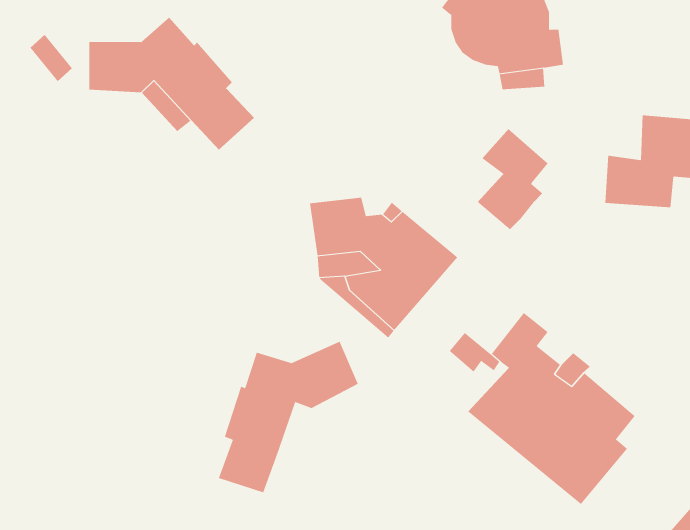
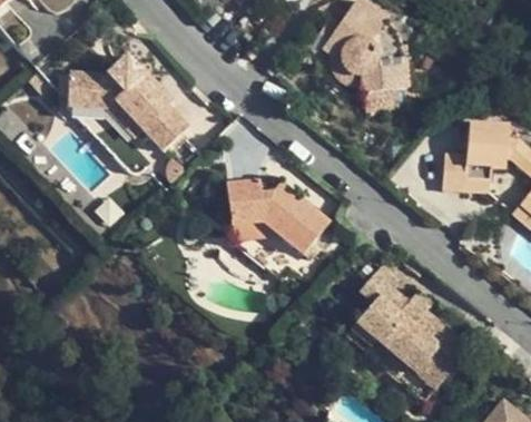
building: [477,128,549,230] -> none
building: [218,341,358,493] -> none

